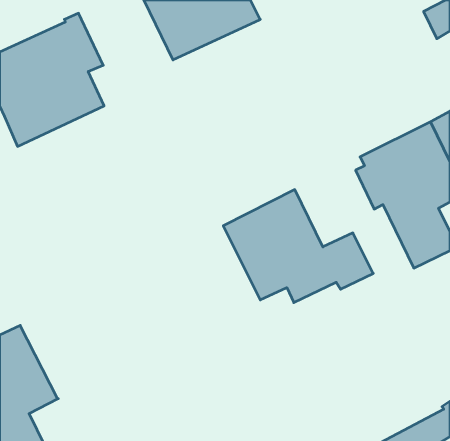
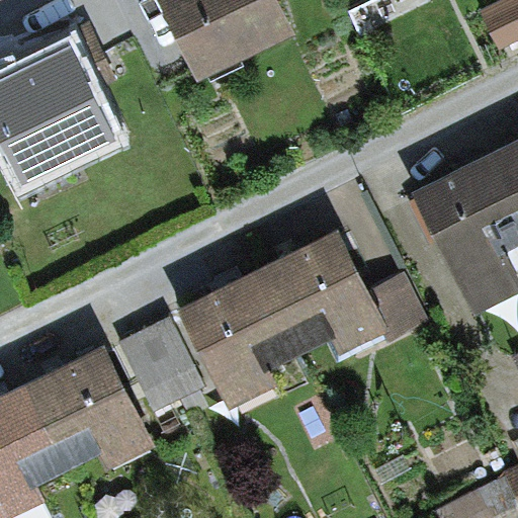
building: none -> [177,270,298,414]
building: none -> [118,321,206,418]
building: none -> [23,343,157,470]

